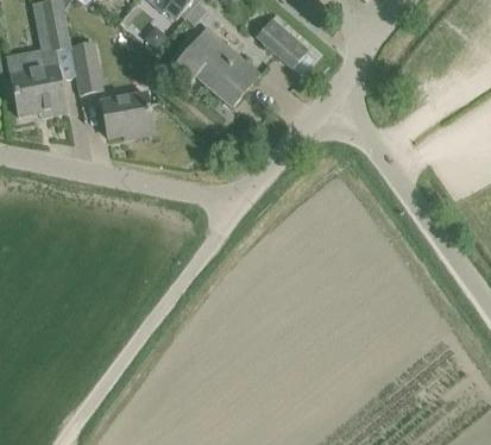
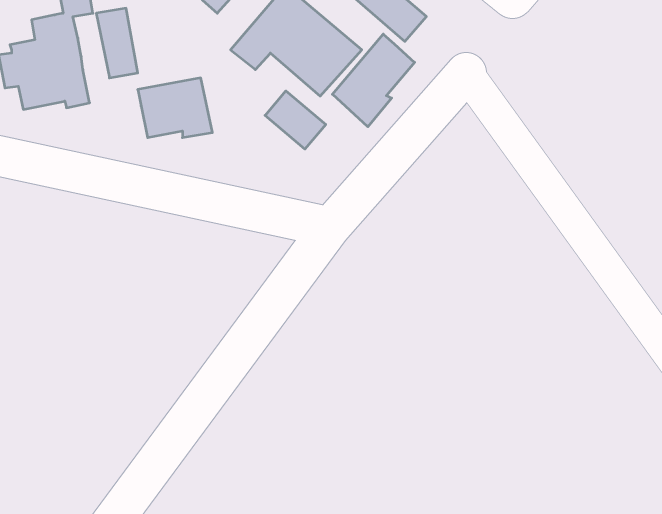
building: none -> [332,34,415,127]
building: none -> [265,91,326,149]

